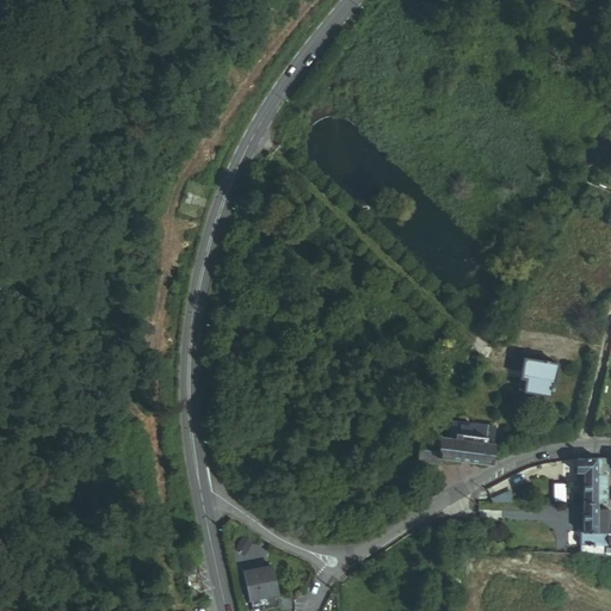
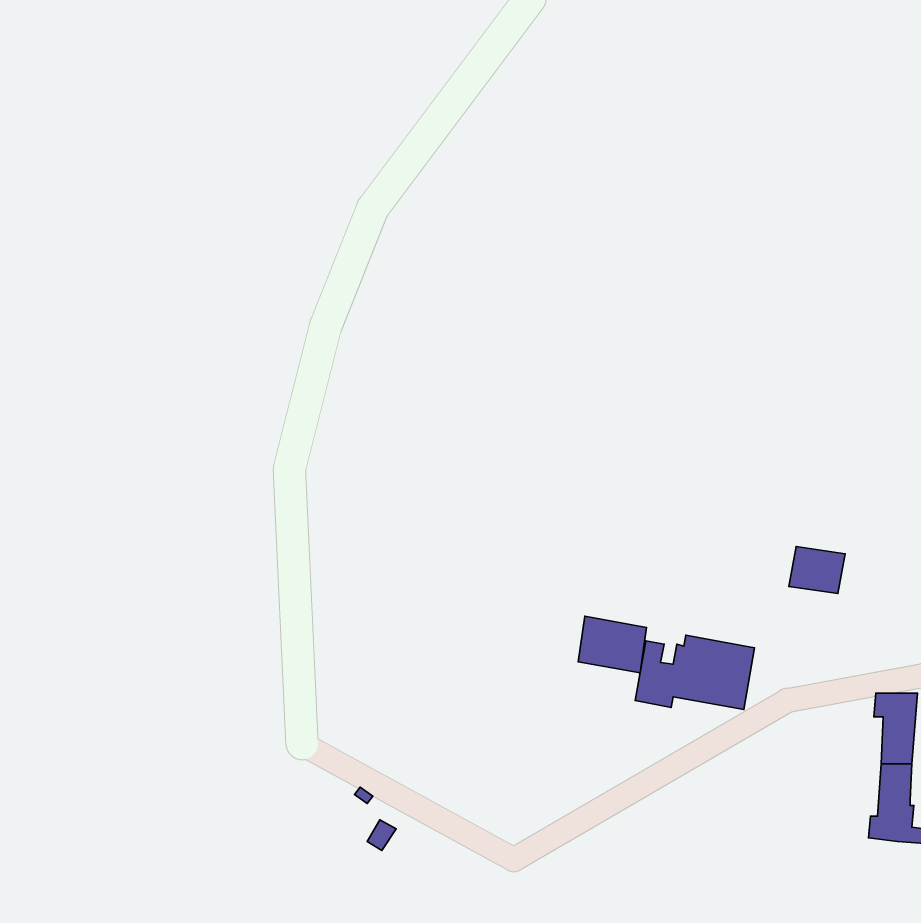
building: none -> [578,616,647,673]
building: [248,567,282,600] -> none

